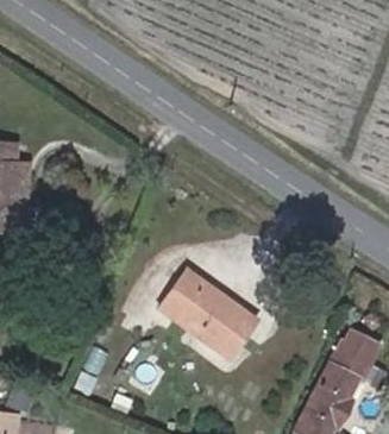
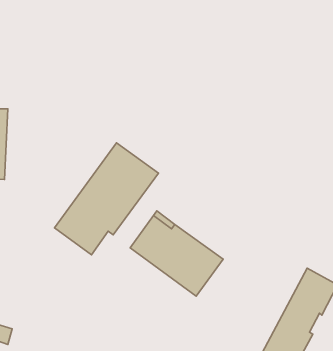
building: none -> [55,143,158,255]

